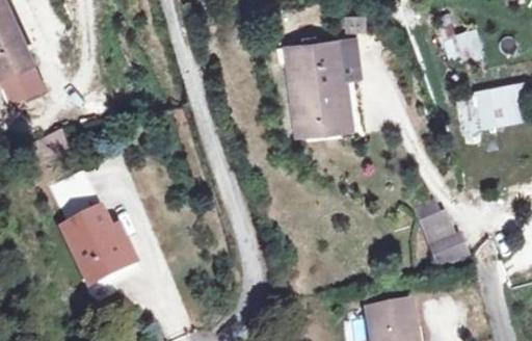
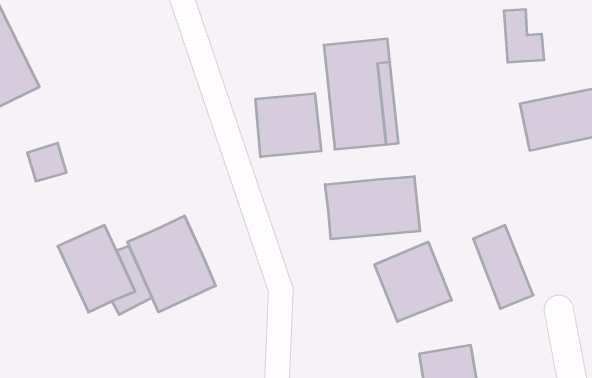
building: none -> [256,93,321,157]
building: none -> [325,176,420,239]
building: none -> [127,216,216,312]
building: none -> [375,242,452,322]

